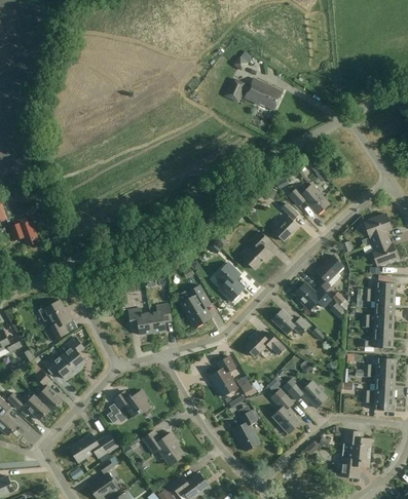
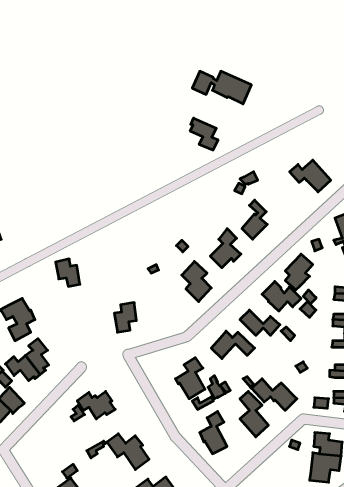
building: none -> [190,118,218,150]
building: [289,184,329,215] -> [290,160,331,192]
building: [181,285,210,327] -> none
building: [128,307,152,334] -> [56,259,80,286]
building: [69,432,117,461] -> none

